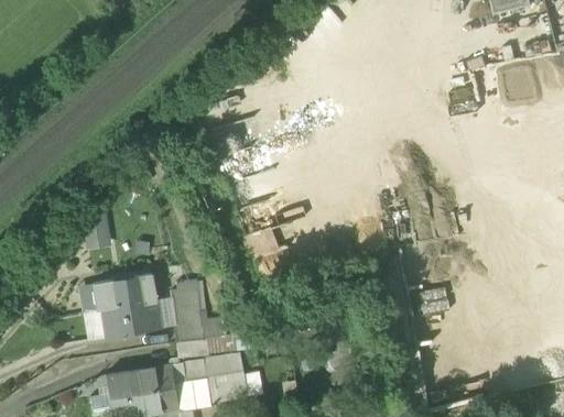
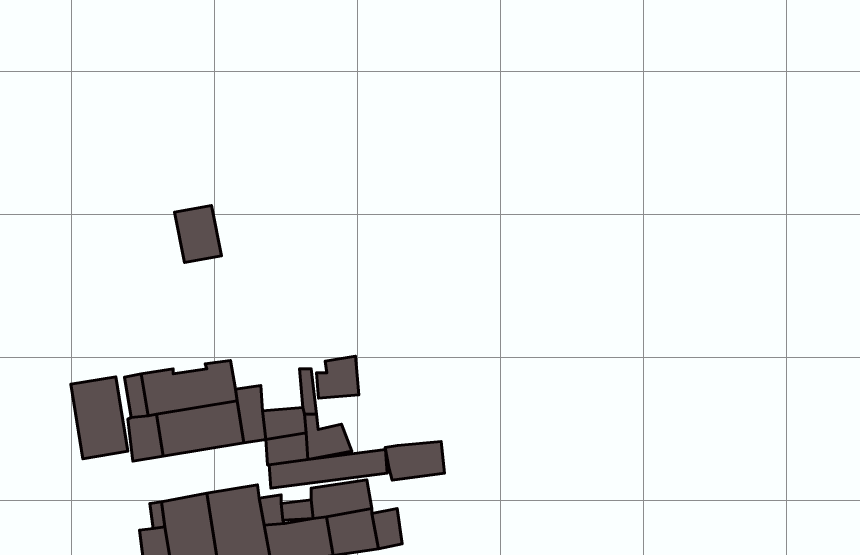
building: [80,215,111,252] -> [174,205,222,263]
building: [171,282,198,309] -> [317,356,359,398]
building: none -> [71,377,128,459]
building: none -> [385,442,445,480]

